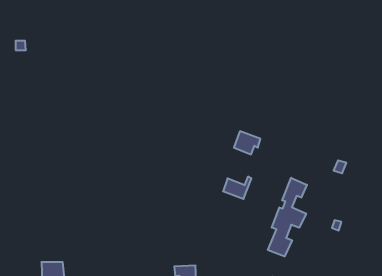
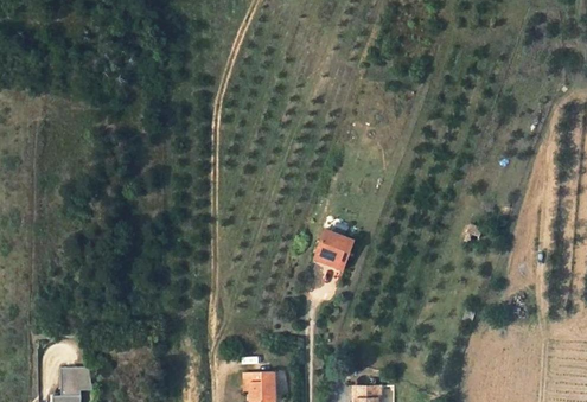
building: [234,131,260,154] -> [317,229,353,261]
building: [268,178,307,256] -> none

